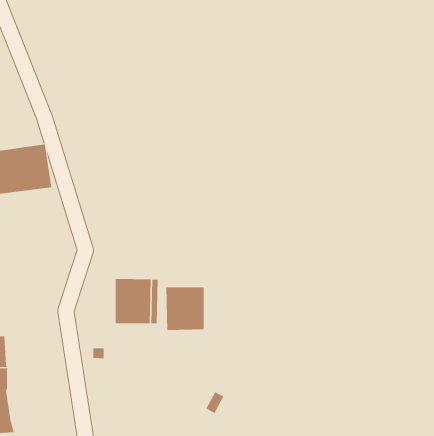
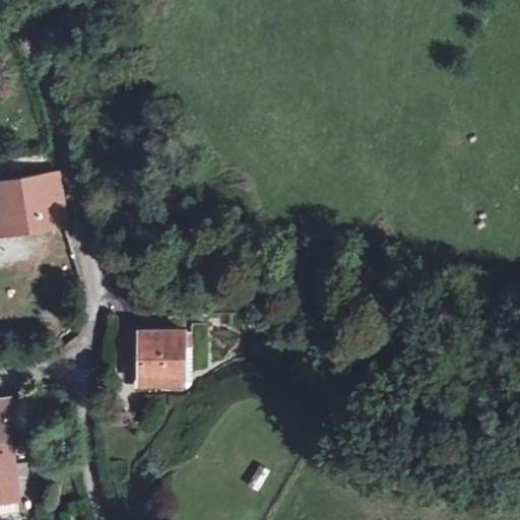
building: [166,287,204,331] -> none

